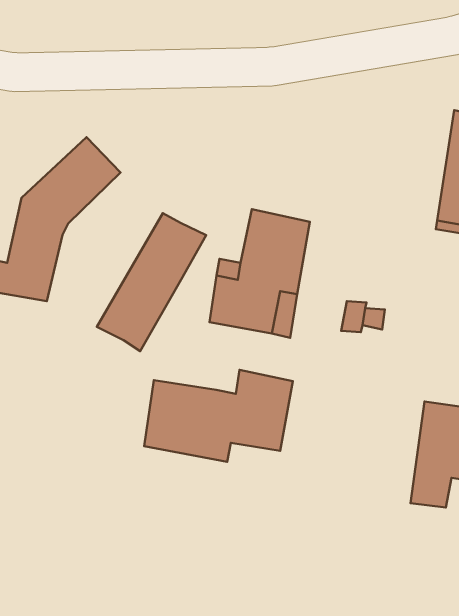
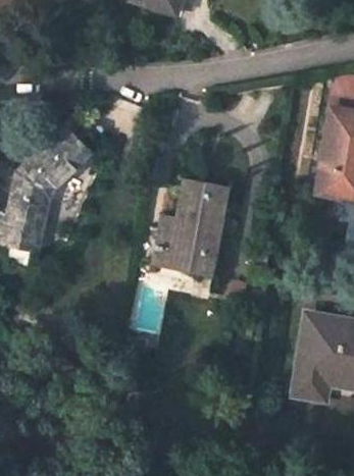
building: [97,213,206,351] -> none
building: [144,370,293,462] -> none

